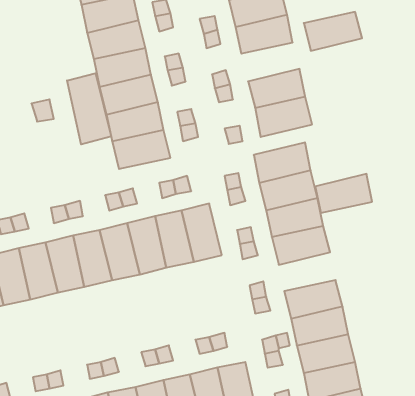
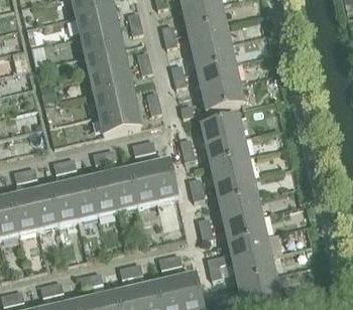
building: [304,12,362,51] -> [192,40,234,68]
building: [67,73,111,144] -> none
building: [315,174,372,213] -> [219,192,260,220]

